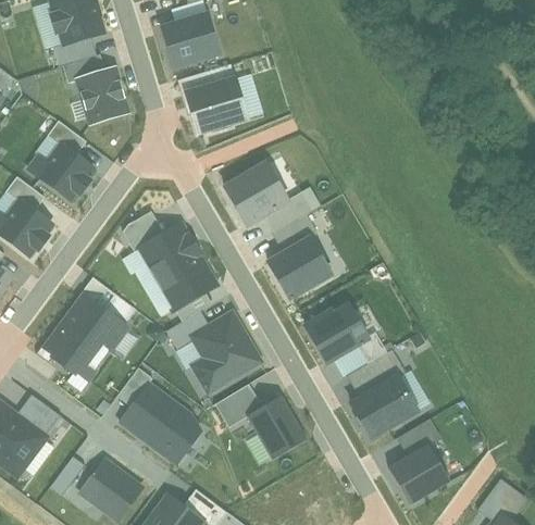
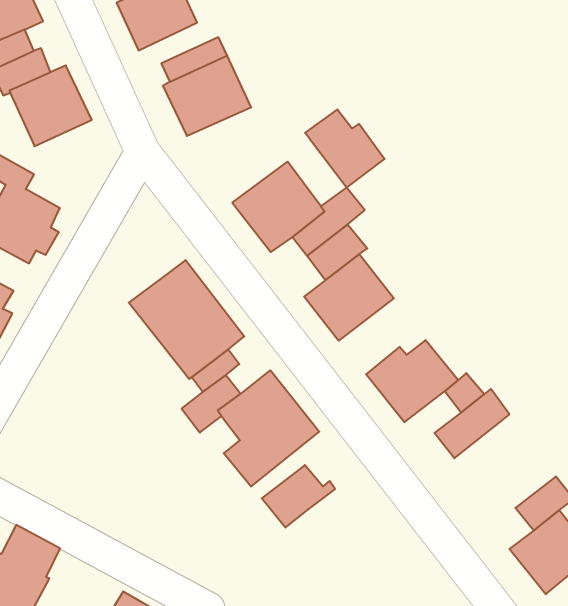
building: none -> [305,109,385,187]
building: [123,210,163,248] -> none
building: [38,293,133,388] -> none
building: [347,371,419,438] -> none
building: [116,378,208,465] -> none
building: [246,396,306,458] -> none

